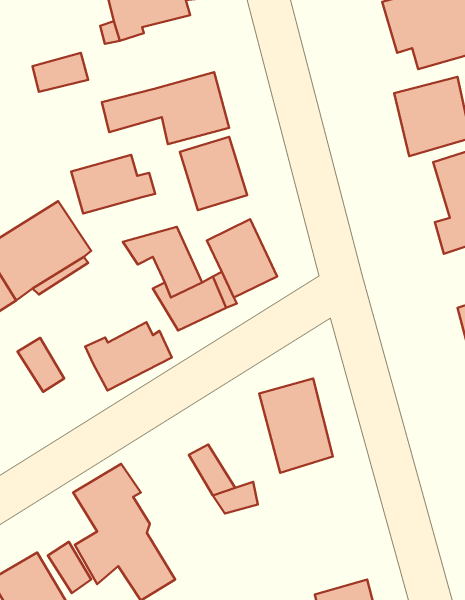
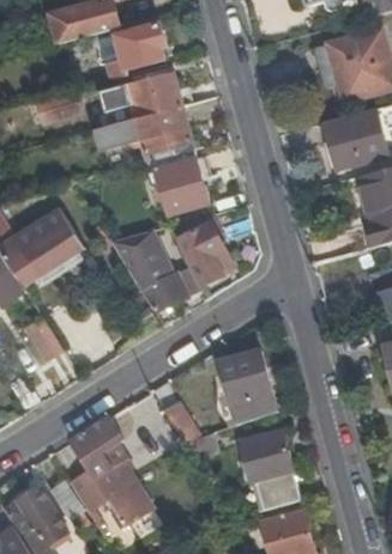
building: [71,155,155,213] -> [125,71,192,117]
building: [85,322,172,391] -> none
building: none -> [239,427,302,510]

